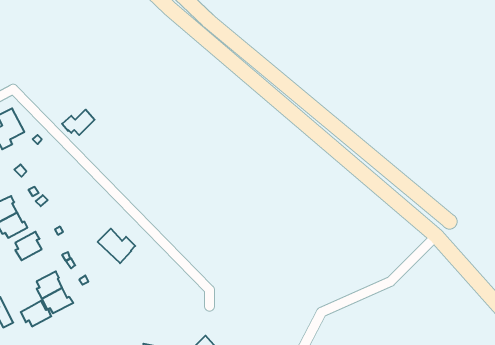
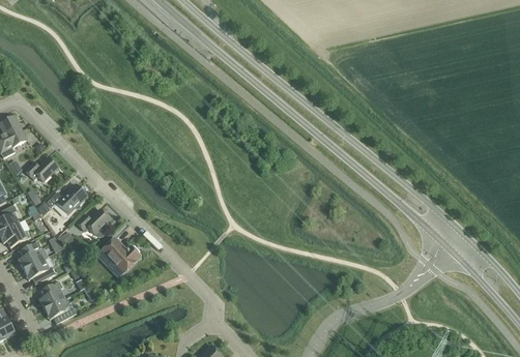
building: [62,110,95,135] -> [24,156,57,182]
building: none -> [46,184,86,215]
building: none -> [76,209,109,237]
building: [21,301,51,326] -> [23,259,54,285]

